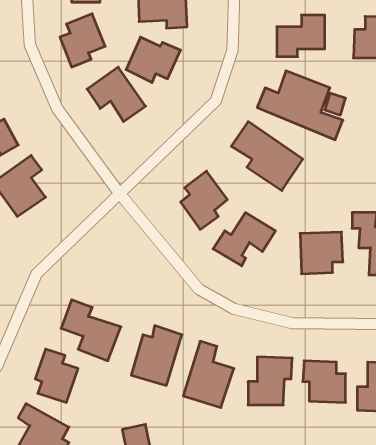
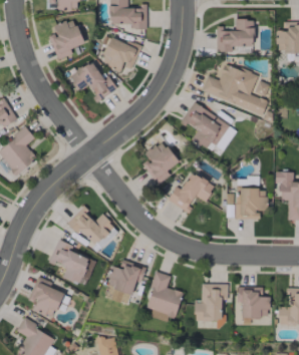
building: none -> [67,208,113,247]

